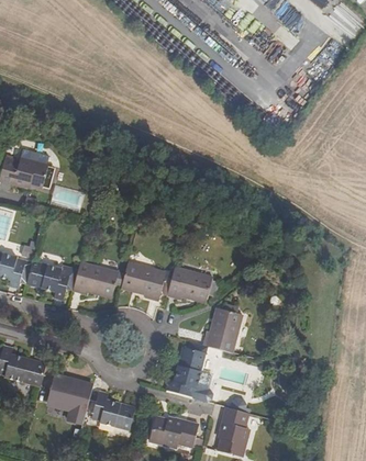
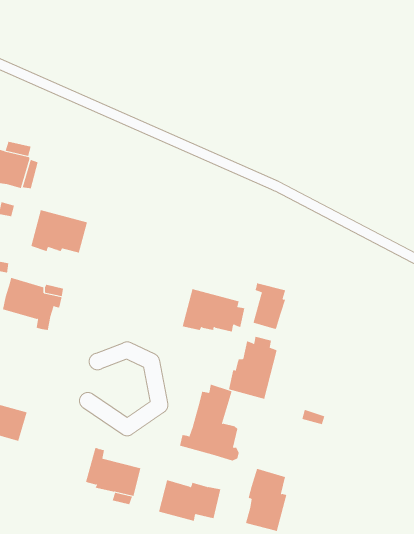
building: [73,260,118,294] -> [30,210,88,253]
building: [121,260,166,300] -> none
building: none -> [253,282,286,330]
building: [48,373,93,421] -> none

